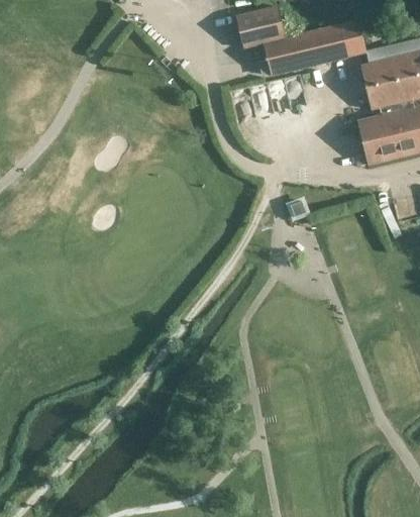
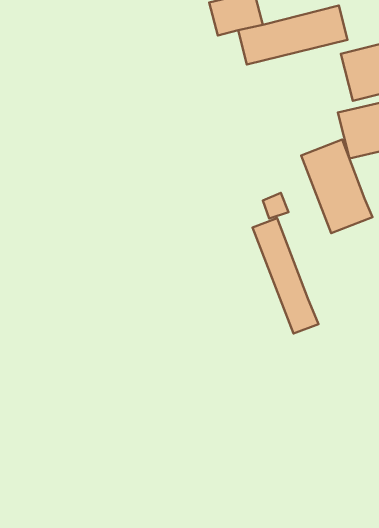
building: none -> [301,139,373,233]
building: none -> [252,218,318,334]

